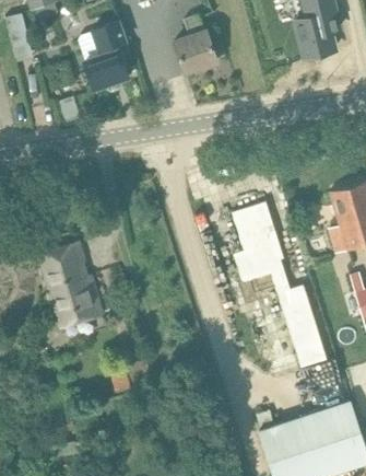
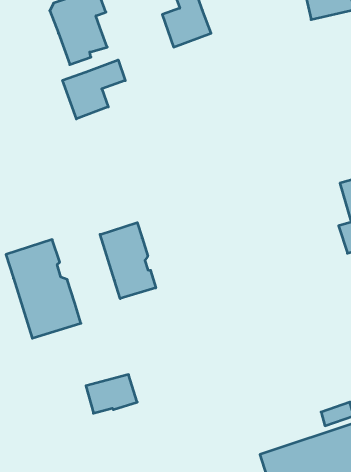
building: none -> [63,60,125,119]
building: [229,210,323,365] -> none
building: none -> [100,223,156,299]

